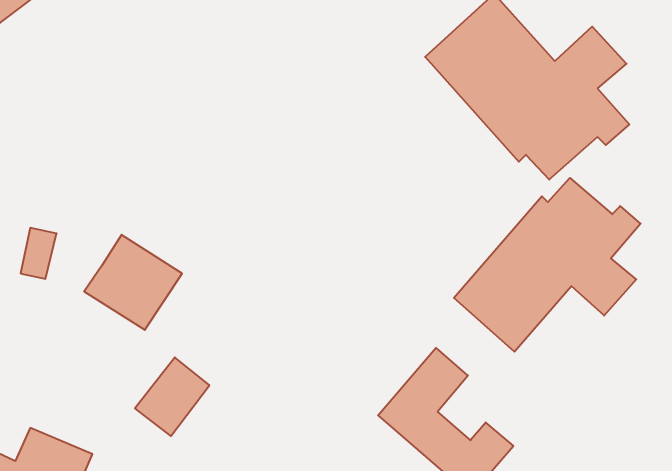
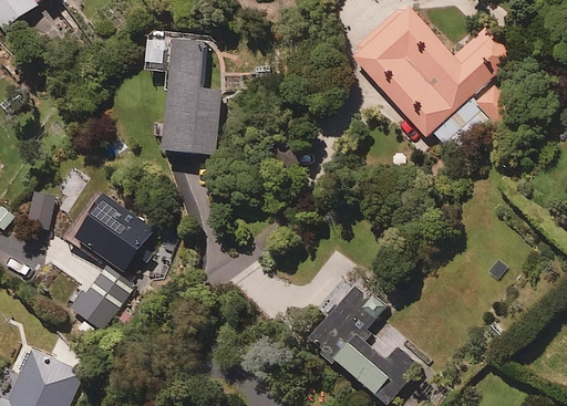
building: none -> [145,39,219,153]
building: [454,178,641,352] -> none
building: [135,357,209,436] -> [70,266,130,329]

